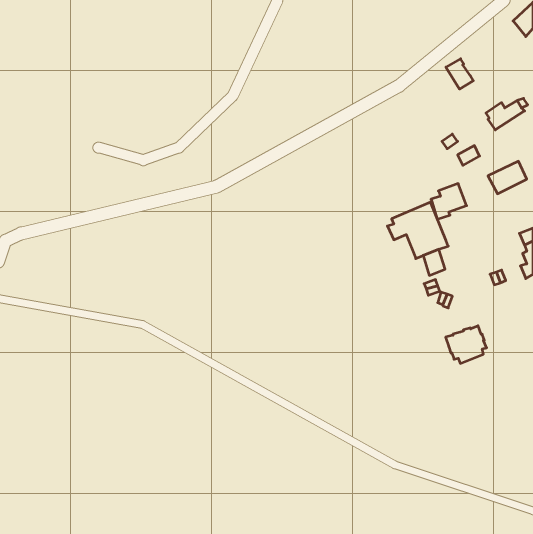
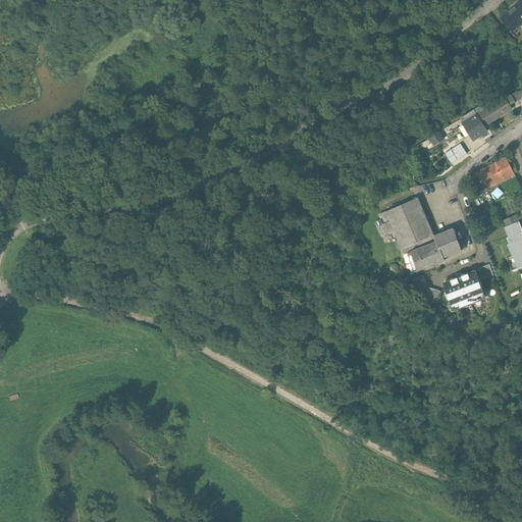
building: [446,59,473,89] -> [459,111,485,141]
building: [431,184,467,219] -> [427,228,462,263]
building: [446,326,487,363] -> [443,270,483,307]

